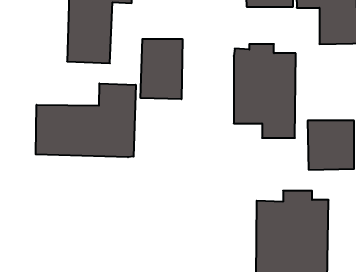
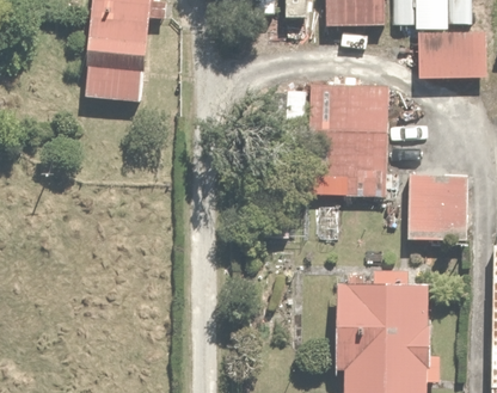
building: [141,39,182,99] -> none
building: [36,83,136,157] -> none

